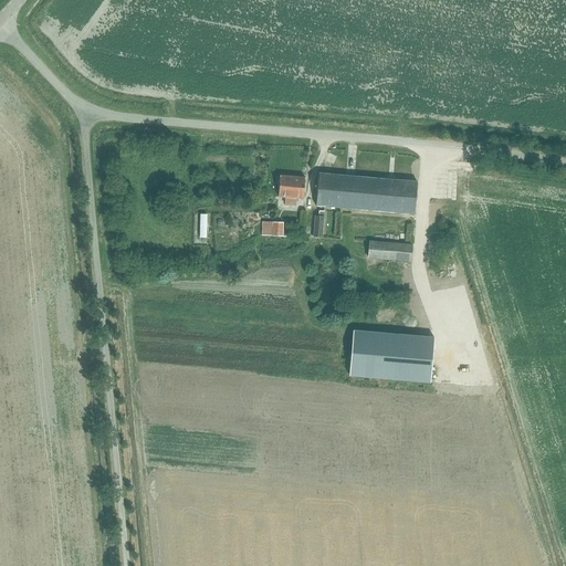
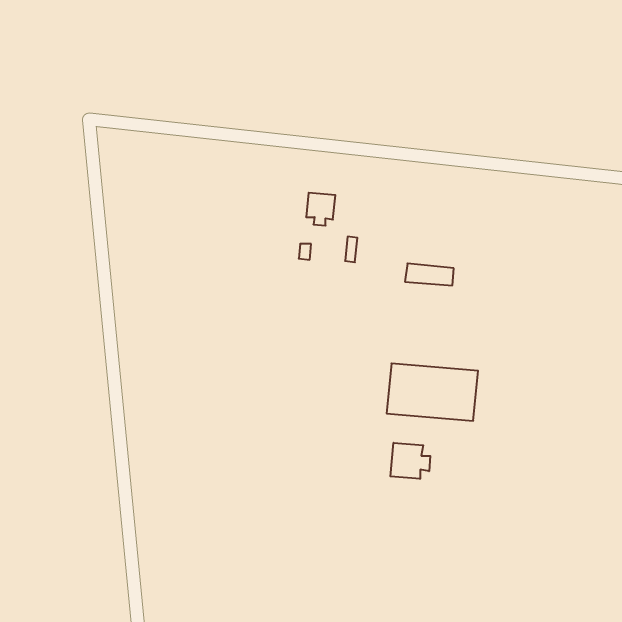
building: [315,172,416,213] -> none
building: none -> [390,443,430,479]

